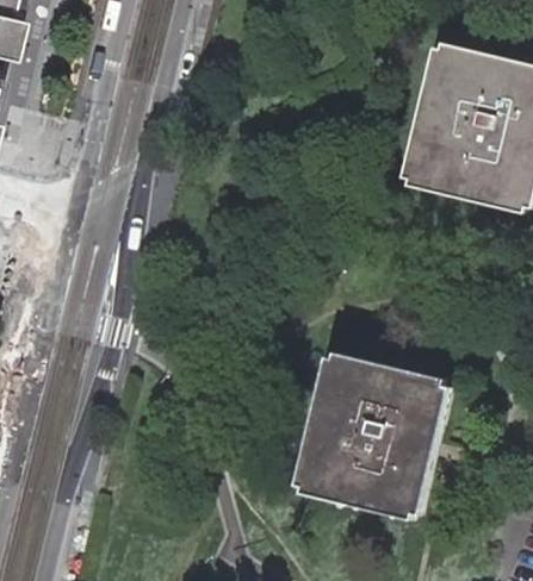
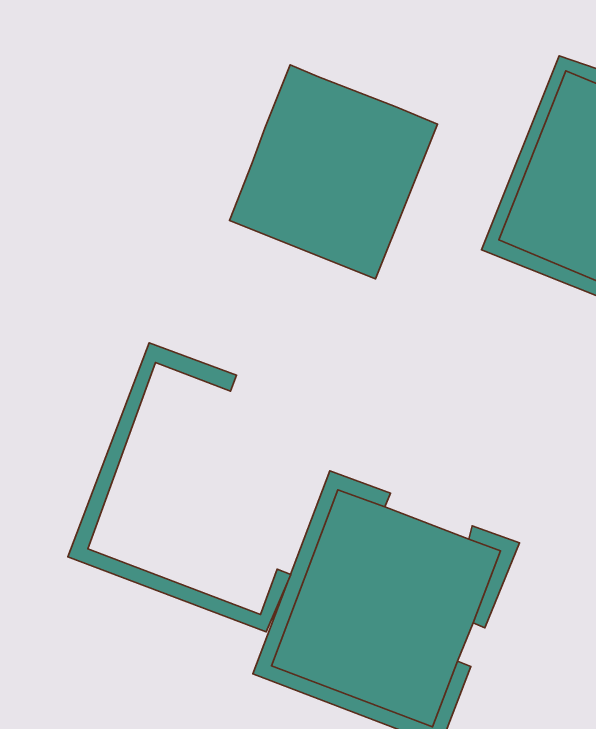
building: none -> [229,65,437,279]
building: none -> [68,343,291,632]

